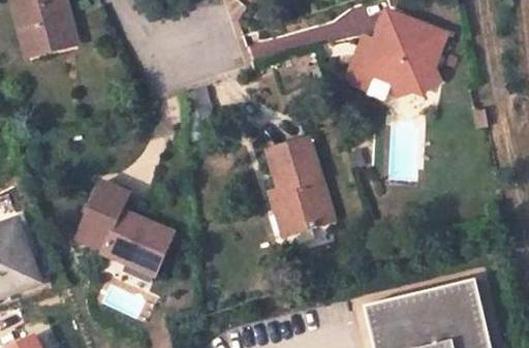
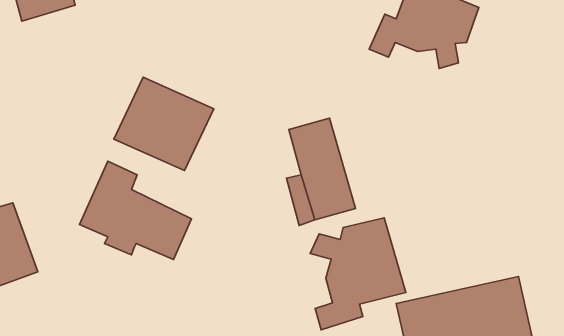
building: none -> [114,77,214,171]
building: none -> [310,218,406,330]

